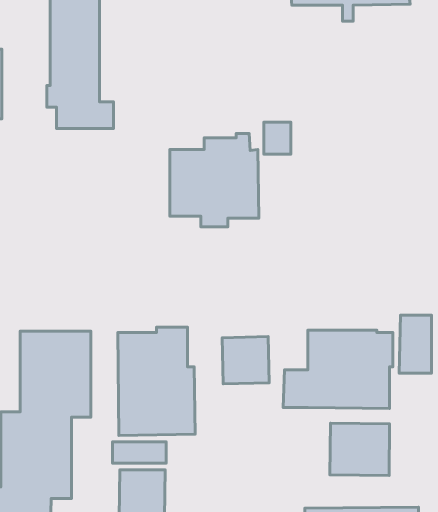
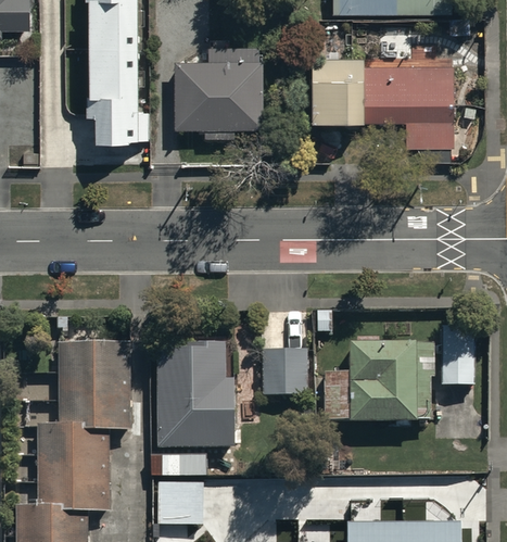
building: none -> [312,61,454,152]
building: [170,134,259,227] -> [174,42,264,137]
building: [330,423,390,475] -> none

